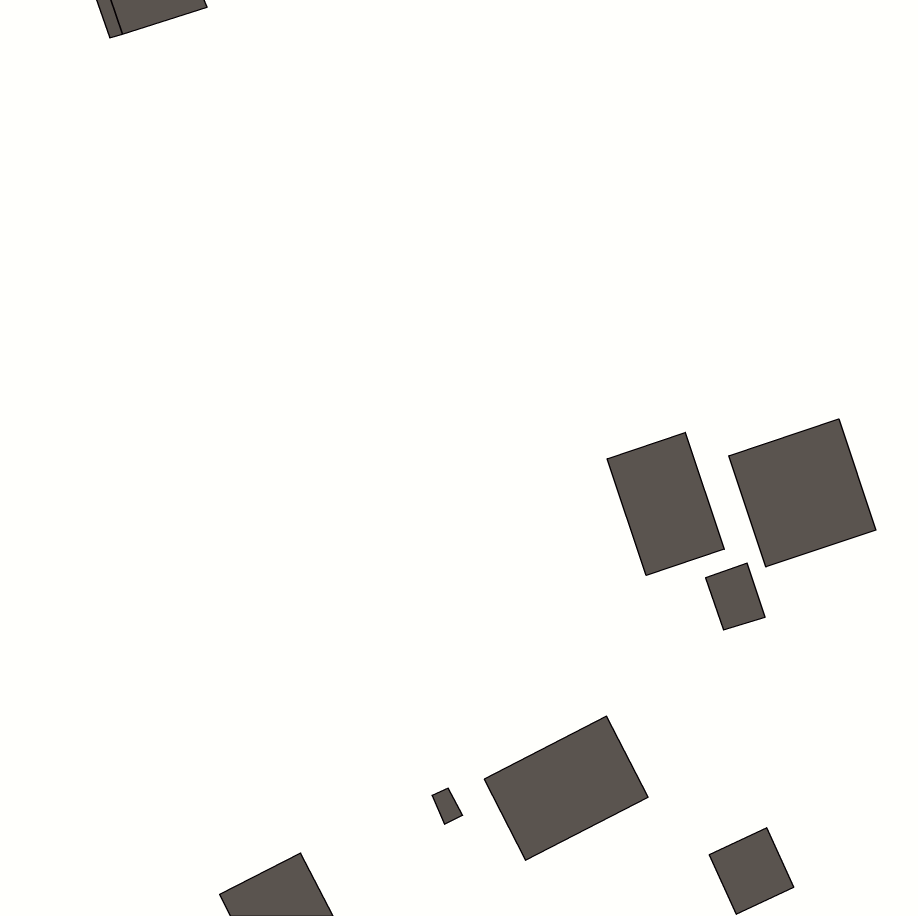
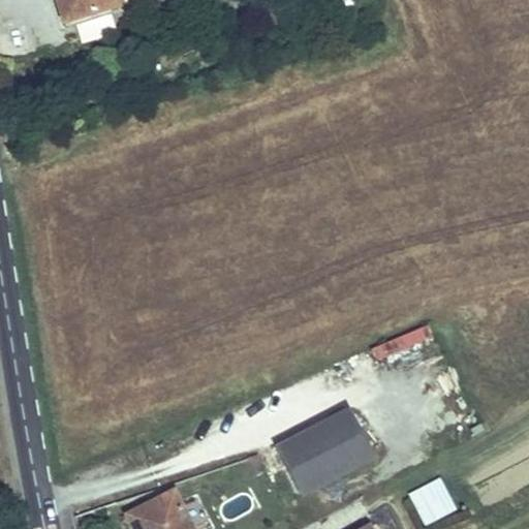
building: [729,419,876,567] -> none
building: [607,432,724,575] -> none

